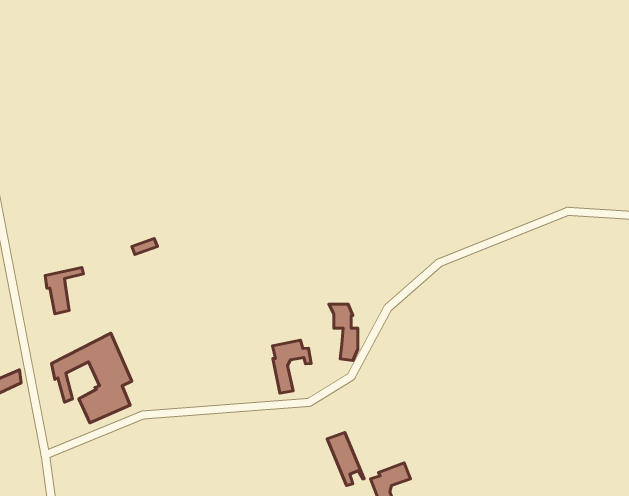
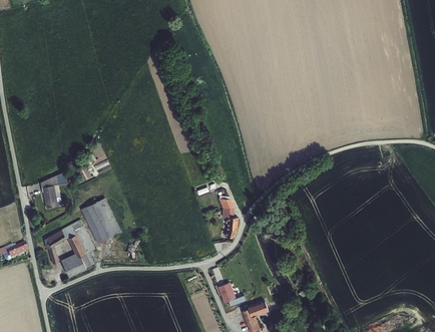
building: none -> [82,202,115,244]
building: [273,340,311,393] -> none

